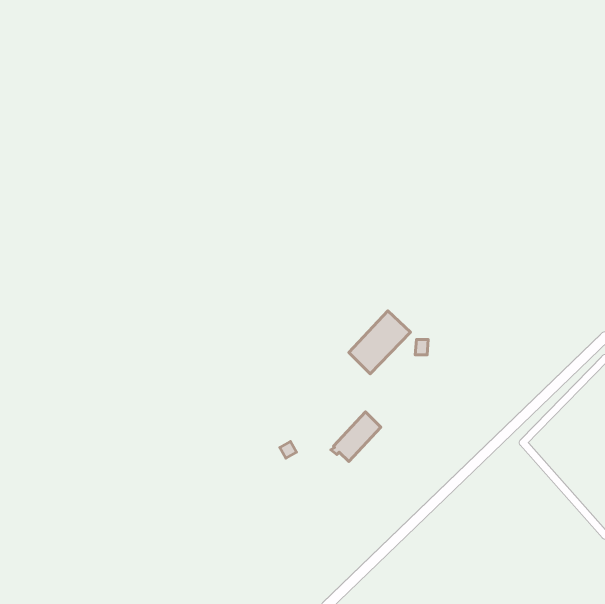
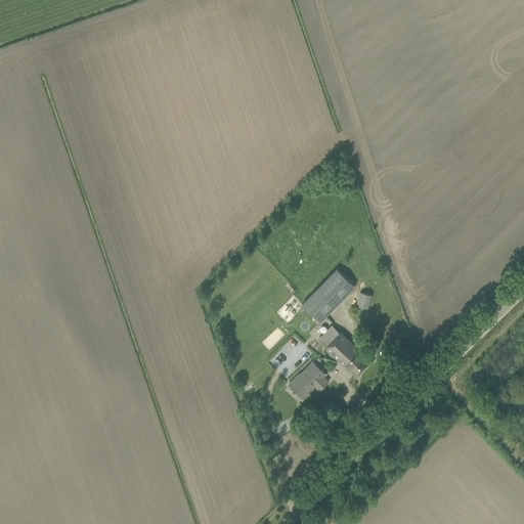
building: none -> [323,328,368,378]

